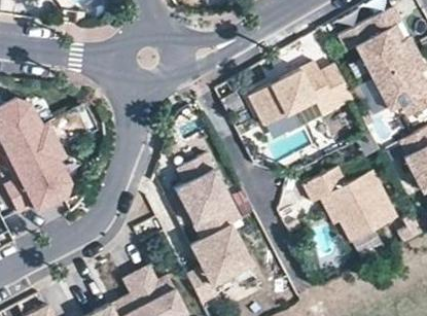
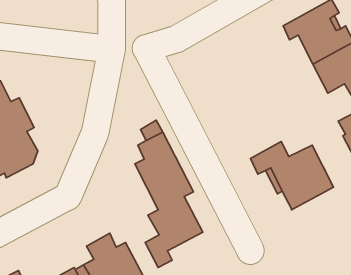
building: [250,64,354,128] -> none

